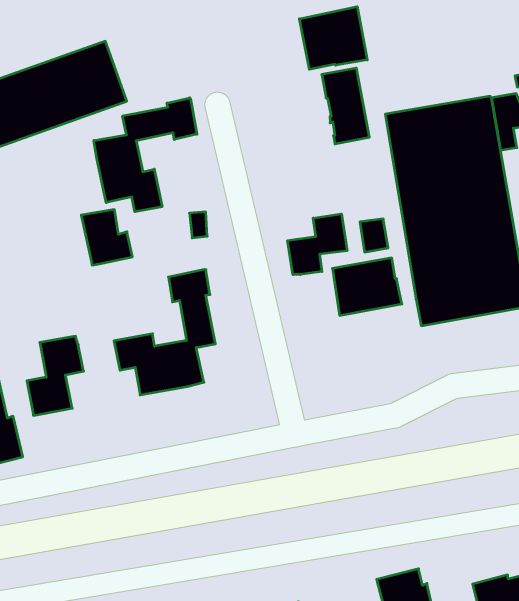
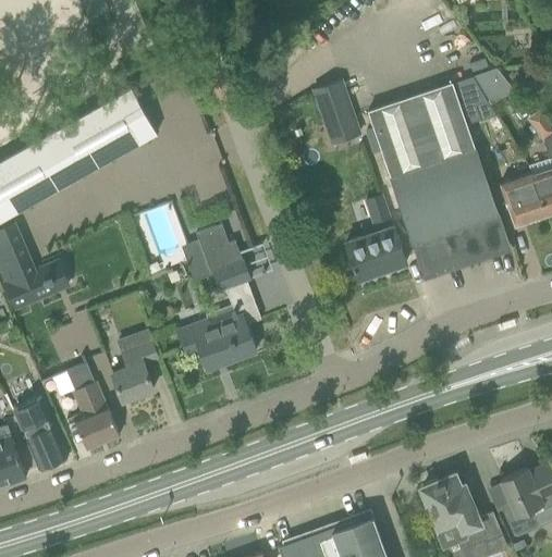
building: [299,7,367,69] -> none
building: [94,98,197,212] -> none
building: [81,210,132,265] -> [195,225,242,273]
building: [288,214,347,275] -> none

